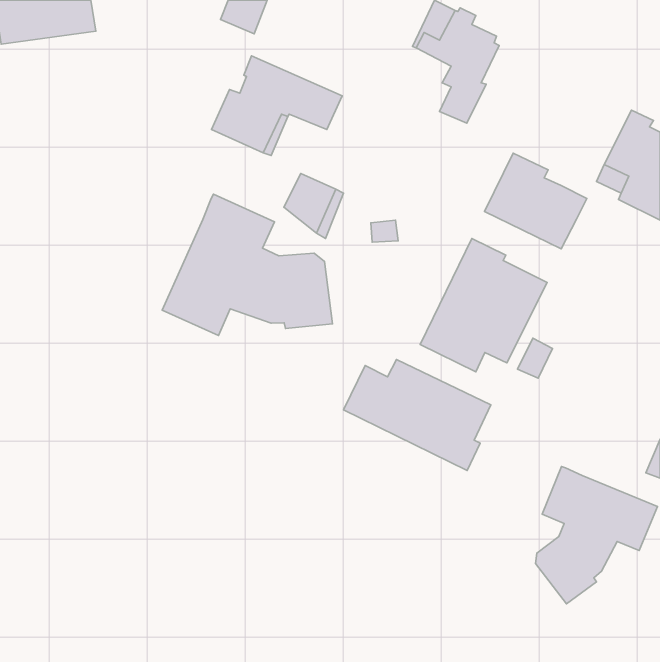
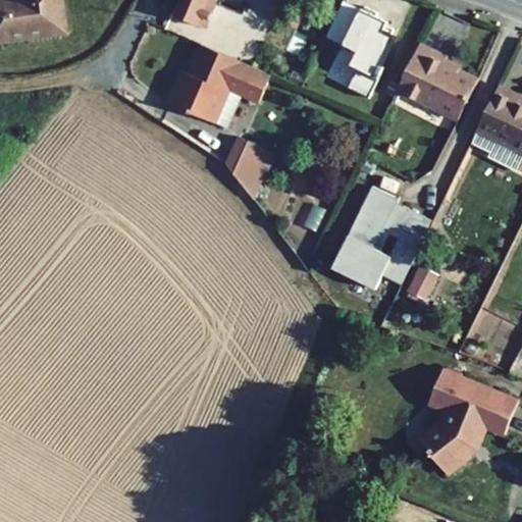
building: [485,153,587,249] -> [396,44,476,119]
building: [162,194,332,335] -> none
building: [344,359,491,470] -> none

